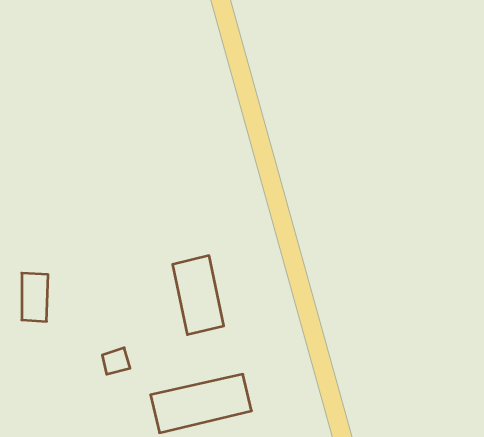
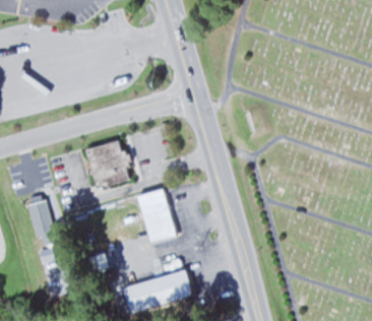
building: none -> [85,140,131,188]

